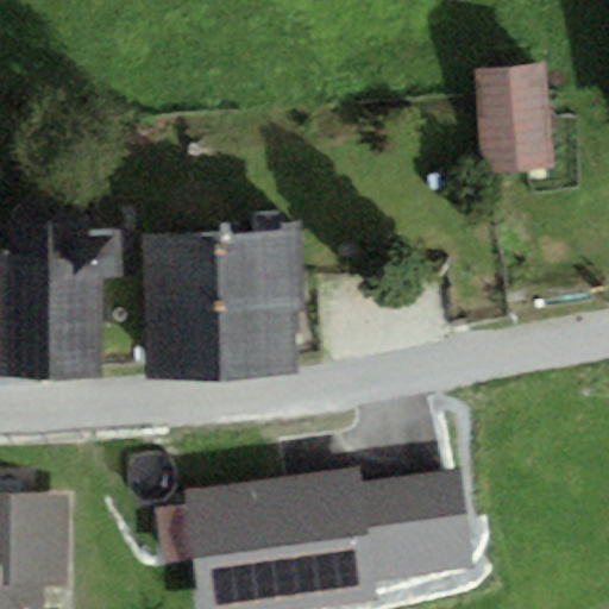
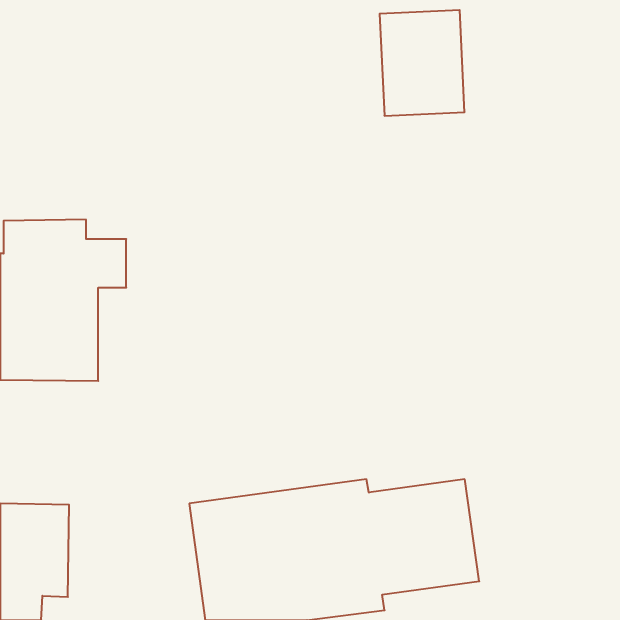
building: [476,67,559,170] -> [380,10,465,116]
building: [142,230,307,378] -> none

